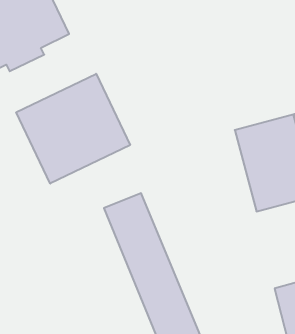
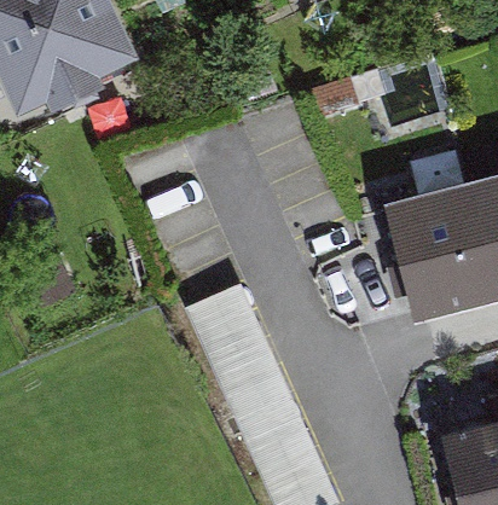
building: [16,74,130,184] -> none

